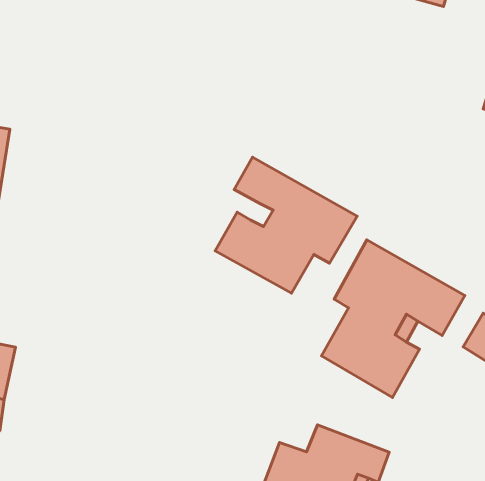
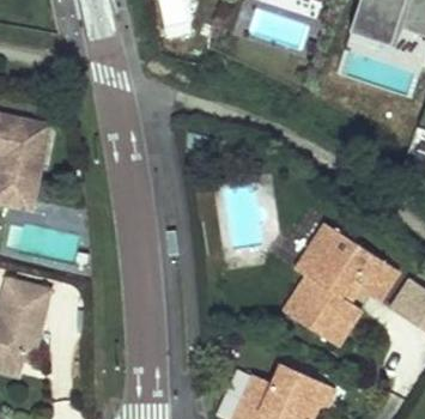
building: [215,157,357,293] -> none

